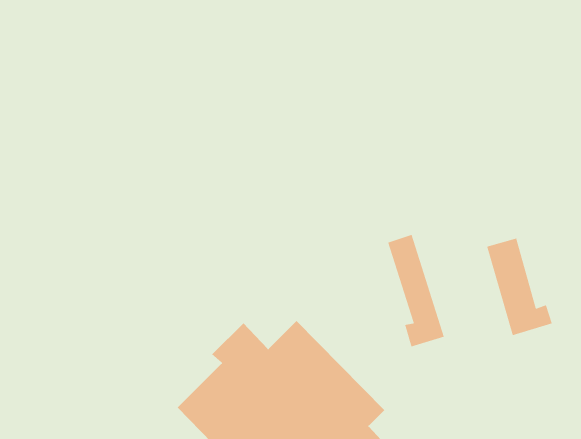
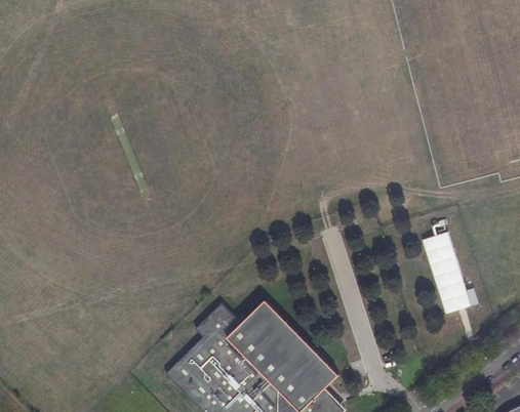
building: [387,234,445,347] -> none

